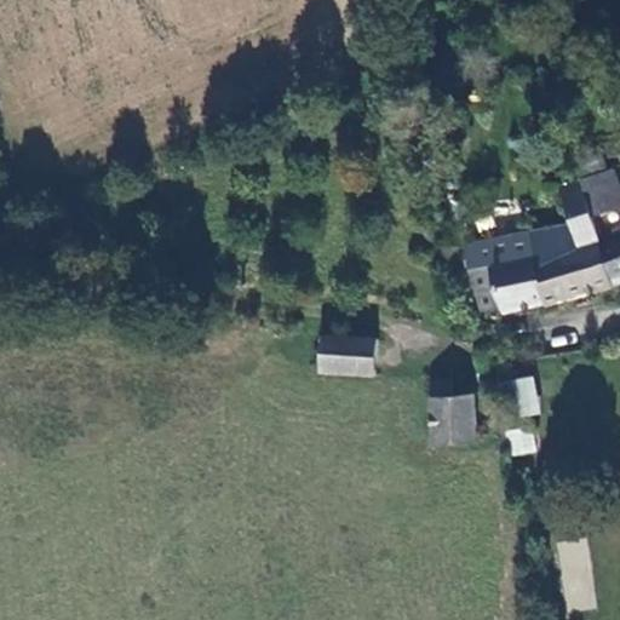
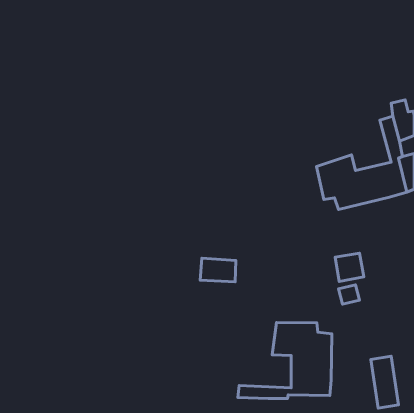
building: [322,338,375,373] -> [200,258,236,282]
building: [434,380,471,442] -> none
building: none -> [238,323,332,399]

